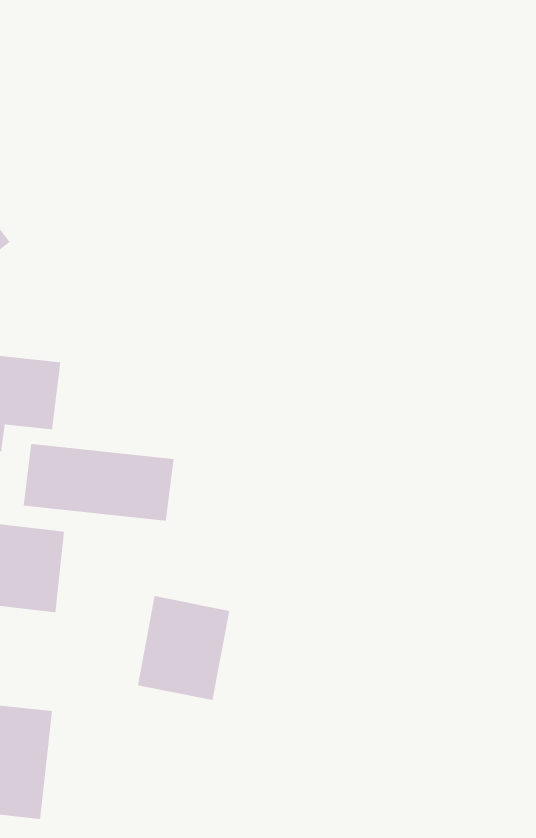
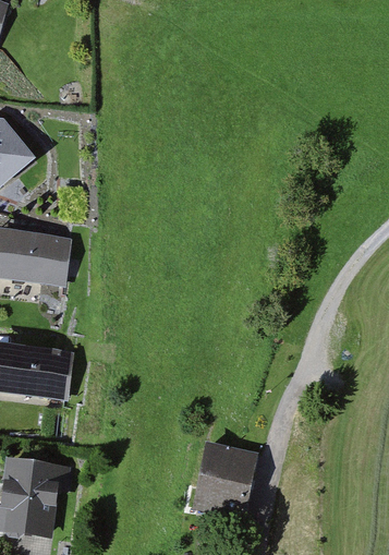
building: [23,443,174,522] -> none
building: [137,596,230,701] -> [200,442,260,509]

